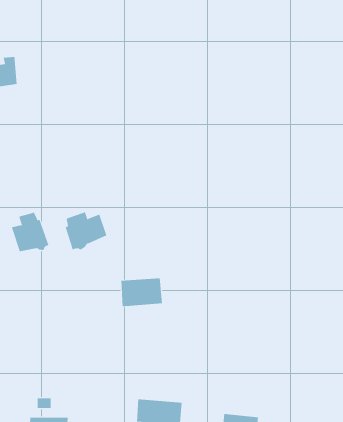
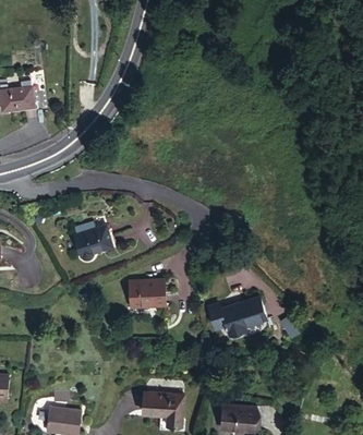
building: [11,212,49,252] -> none
building: none -> [211,299,267,337]

